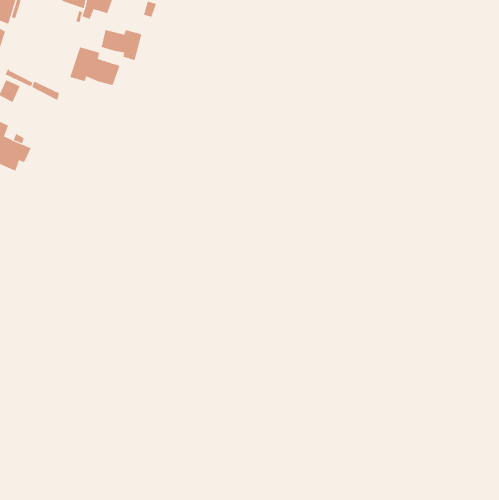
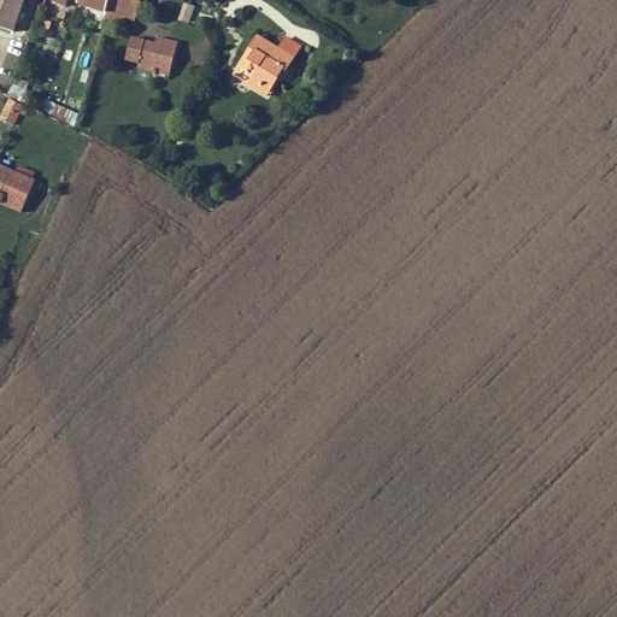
building: none -> [236,35,292,95]
building: [70,46,120,86] -> none

